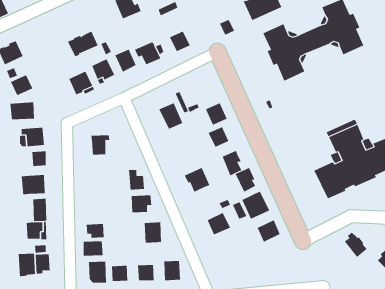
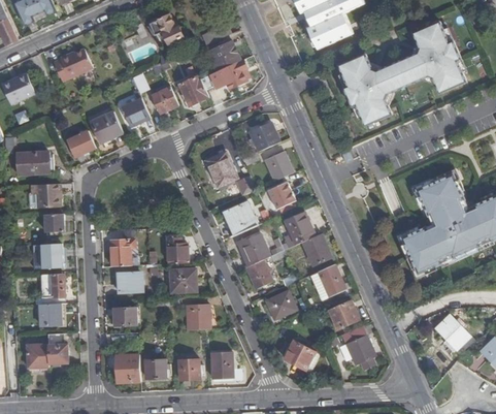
building: none -> [207,41,239,71]
building: [67,31,98,57] -> [52,50,91,83]
building: [10,74,33,96] -> [67,131,96,158]
building: none -> [249,123,279,152]
building: [90,135,110,155] -> [110,241,135,266]
building: none -> [223,201,258,236]
building: none -> [245,260,272,289]
building: none -> [341,325,375,370]
building: [83,241,103,256] -> [114,273,140,292]
building: none -> [284,340,315,370]

